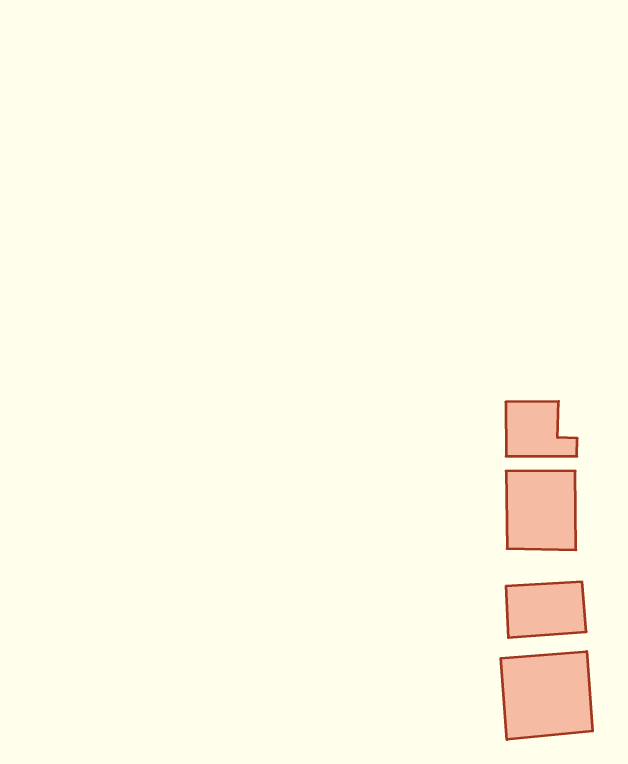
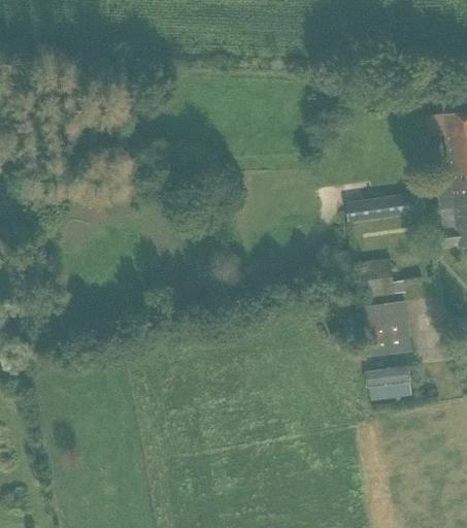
building: none -> [351,192,419,221]
building: [501,651,593,740] -> none

